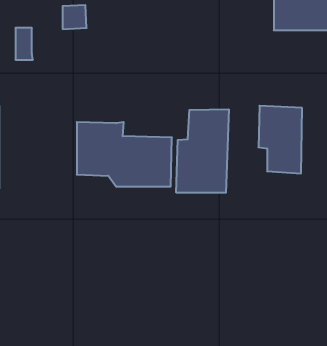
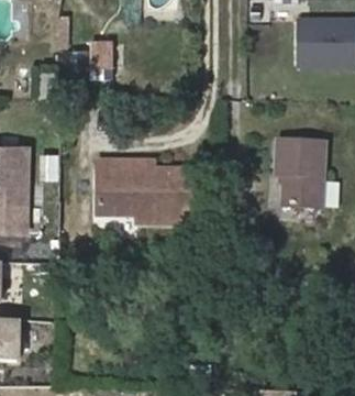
building: [176,109,229,193] -> none

